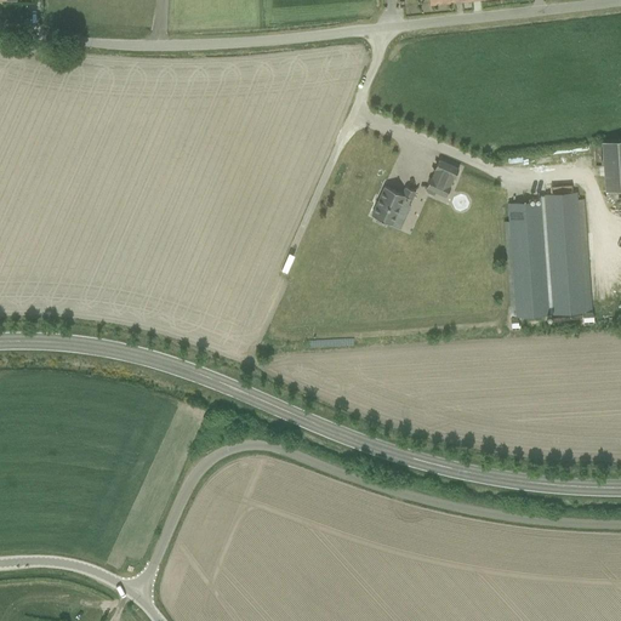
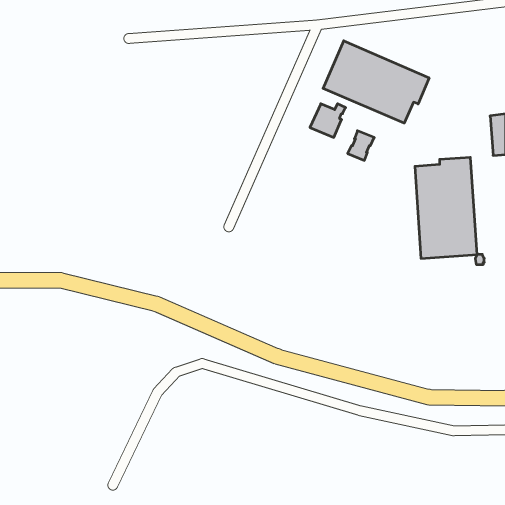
building: none -> [323,41,429,123]
building: [372,188,416,229] -> [310,104,346,137]

